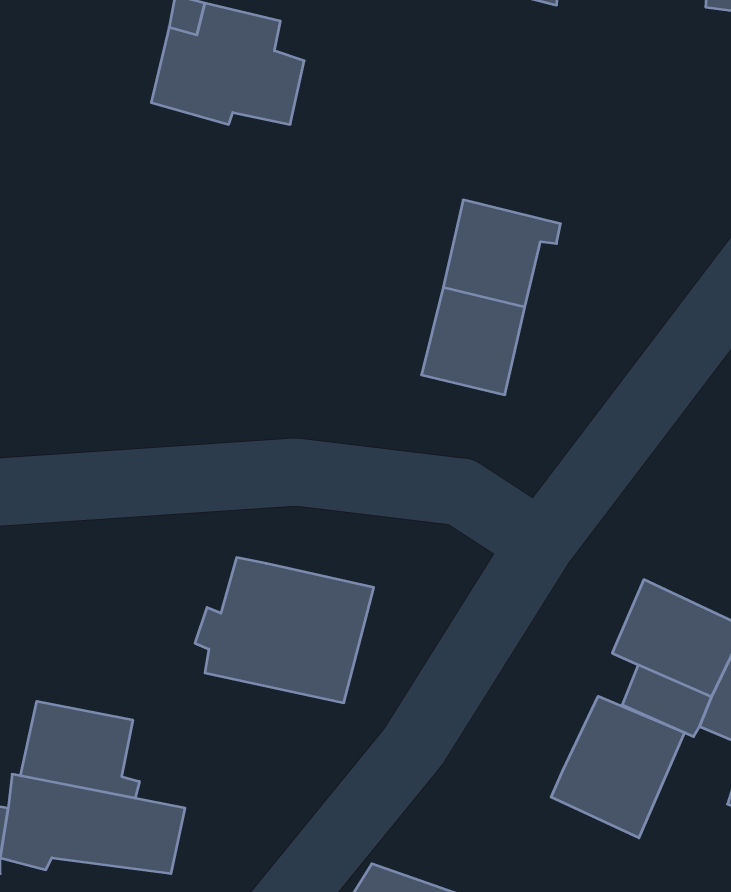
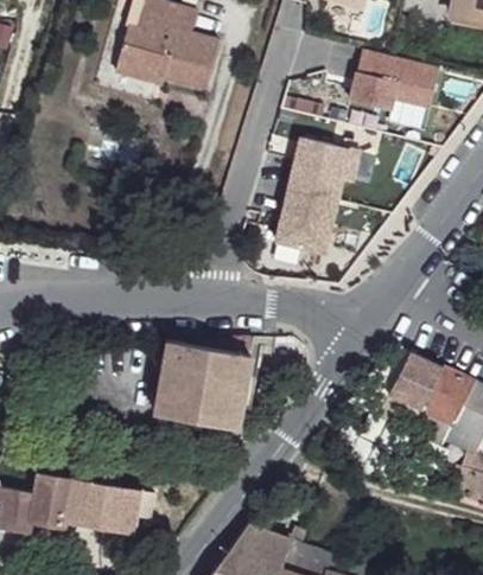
building: none -> [351,46,440,108]
building: [551,696,685,838] -> none
building: [21,701,139,798] -> none

